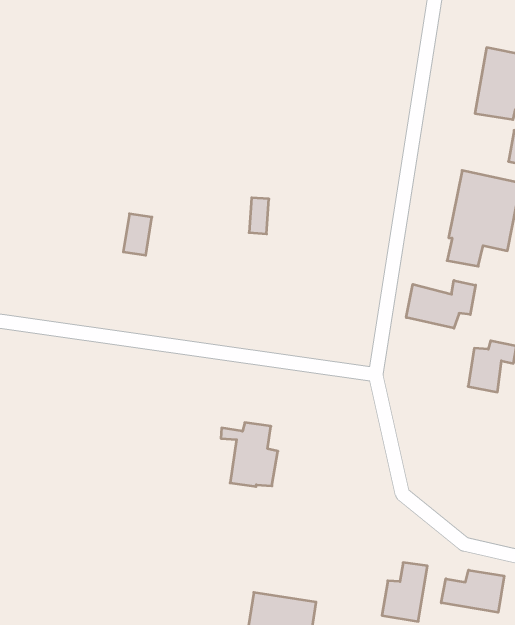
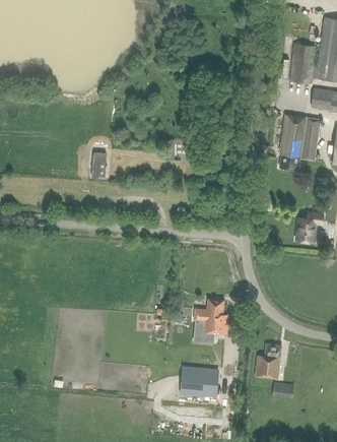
building: [406,280,476,328] -> none
building: [221,423,278,487] -> [195,298,228,334]
building: [441,570,504,612] -> none

